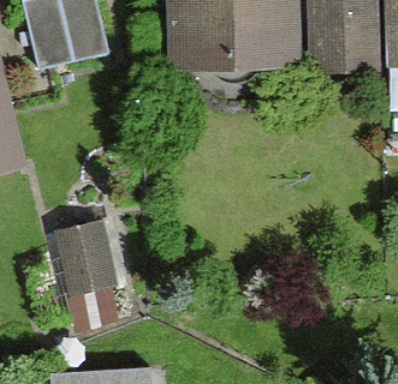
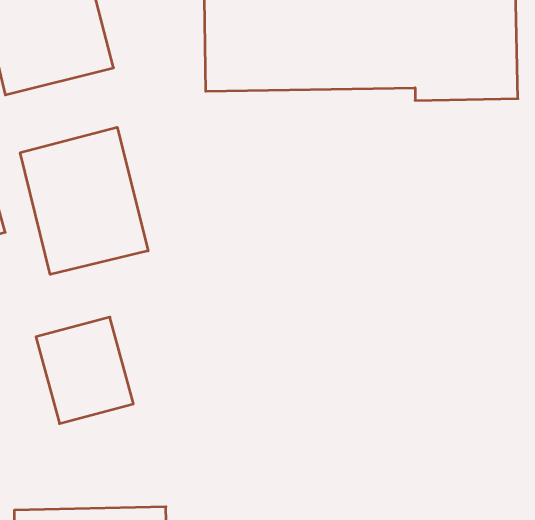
building: none -> [20,127,148,274]

